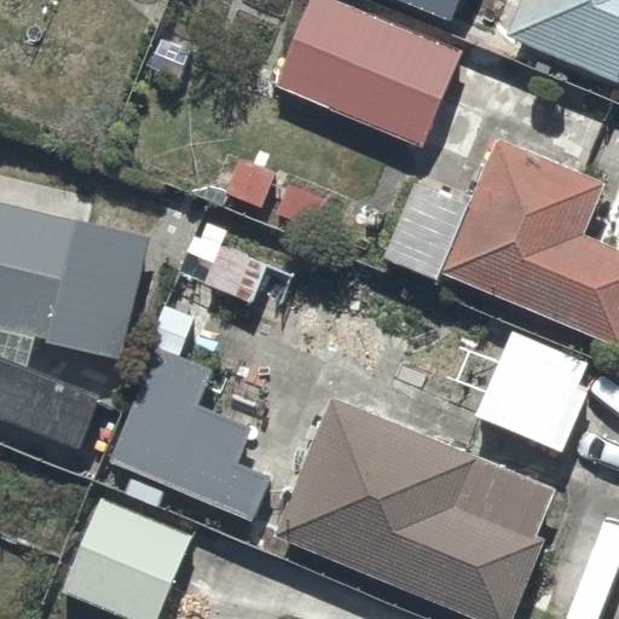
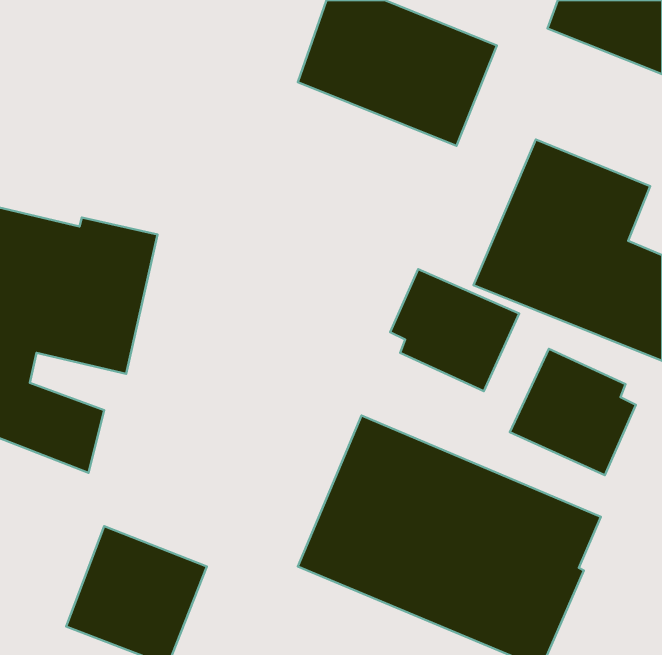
building: none -> [390,269,519,391]
building: [109,308,270,523] -> none

